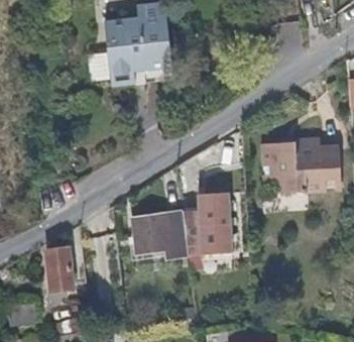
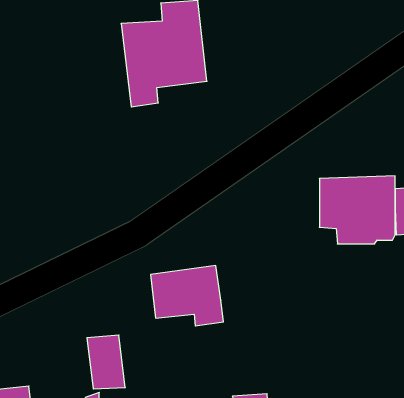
building: [182,192,234,255] -> none
building: [41,249,72,292] -> [87,335,125,389]

